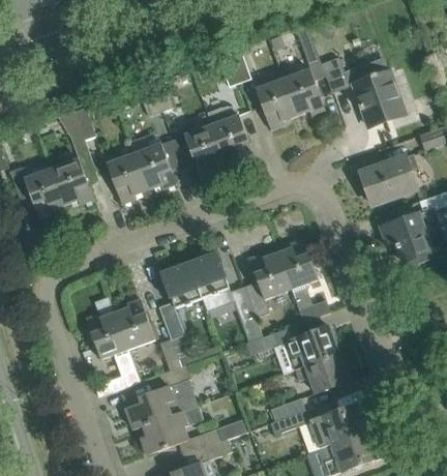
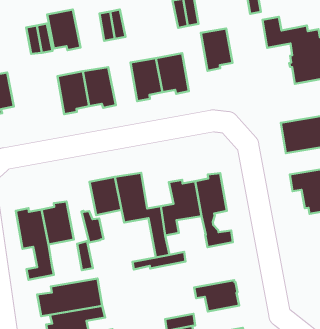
building: [282,68,325,115] -> none
building: [51,157,93,204] -> [47,9,80,50]
building: [285,325,338,369] -> none

